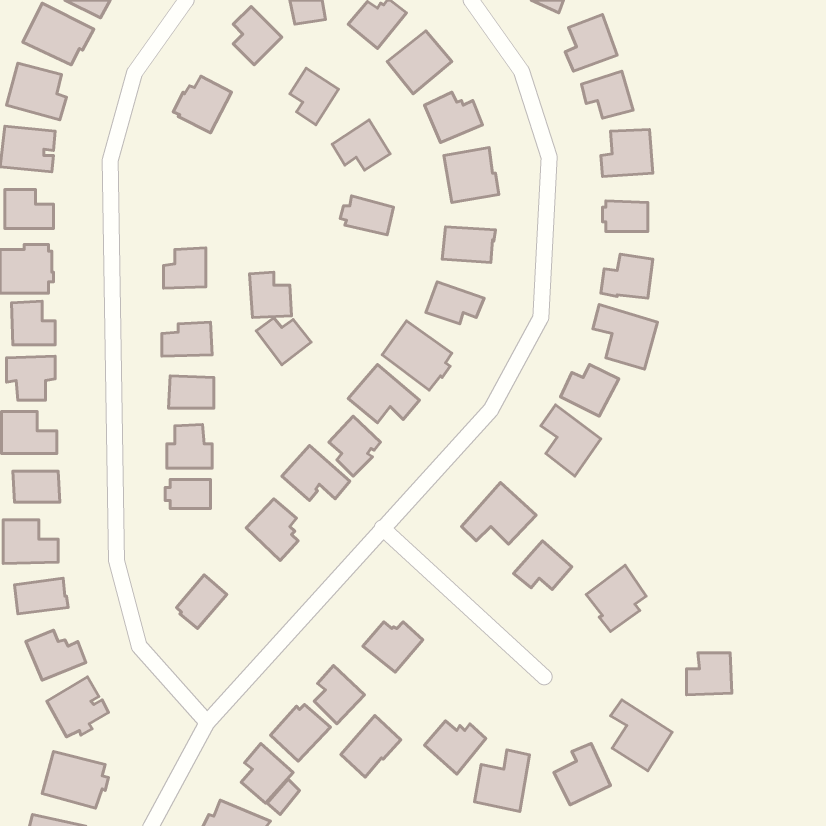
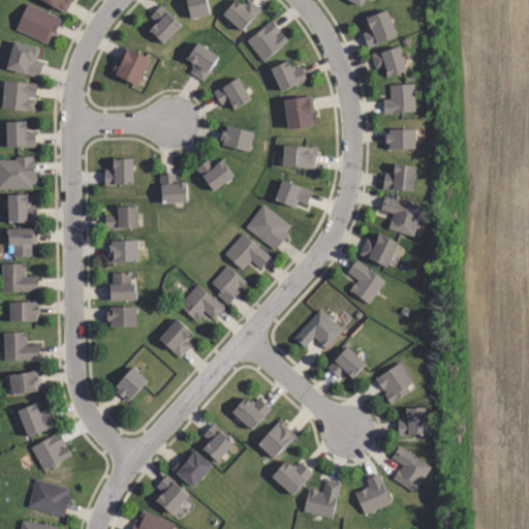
building: [256,318,311,365] -> [195,160,230,190]
building: [686,653,732,695] -> [398,408,427,435]
building: [341,716,401,777] -> [258,419,297,459]

